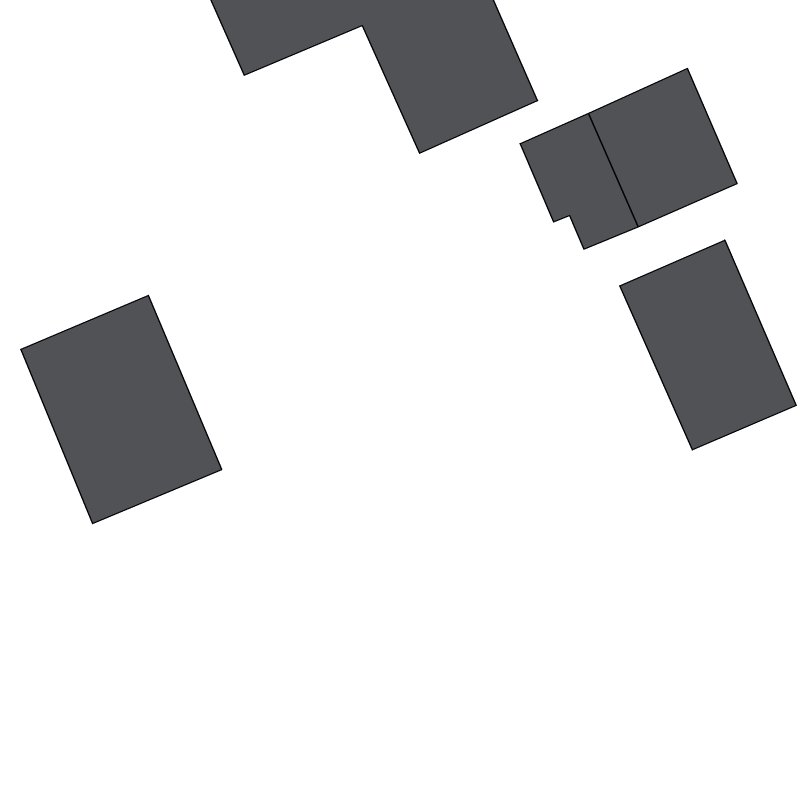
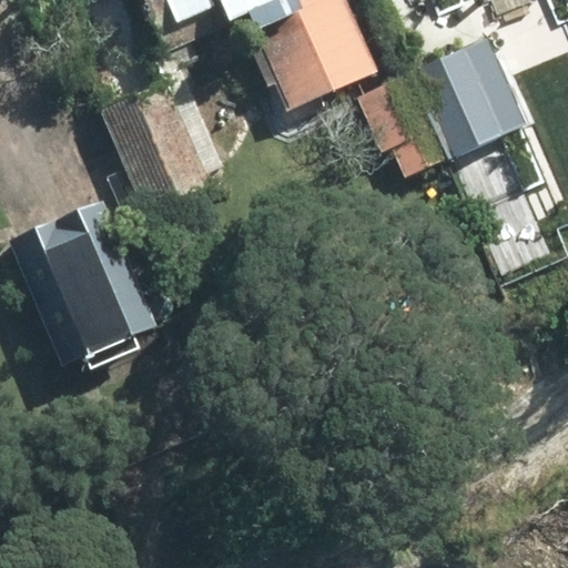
building: none -> [105,84,209,211]
building: [620,240,796,450] -> none

